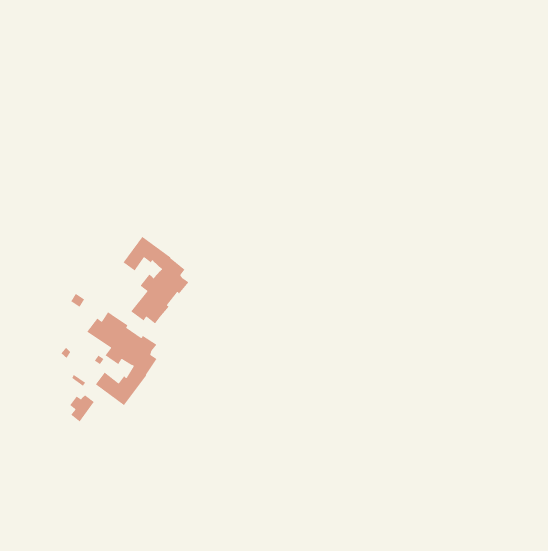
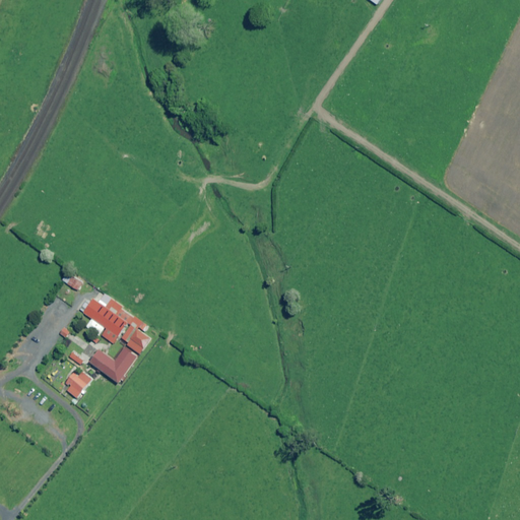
building: [122,236,190,324] -> none

